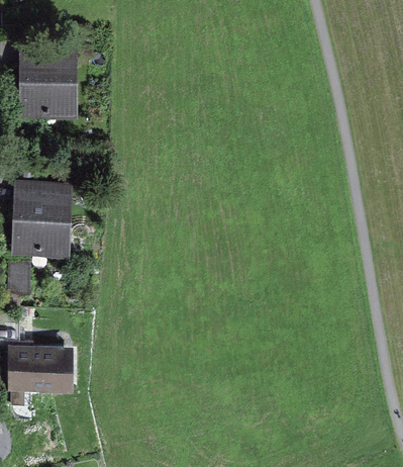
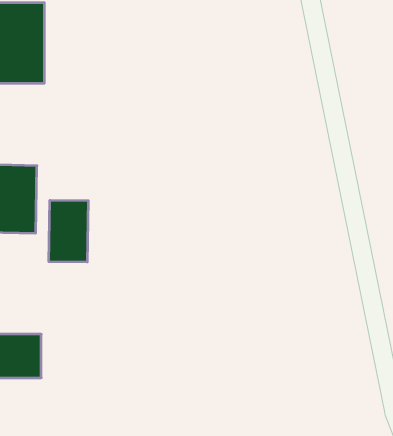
building: none -> [49,200,88,262]

